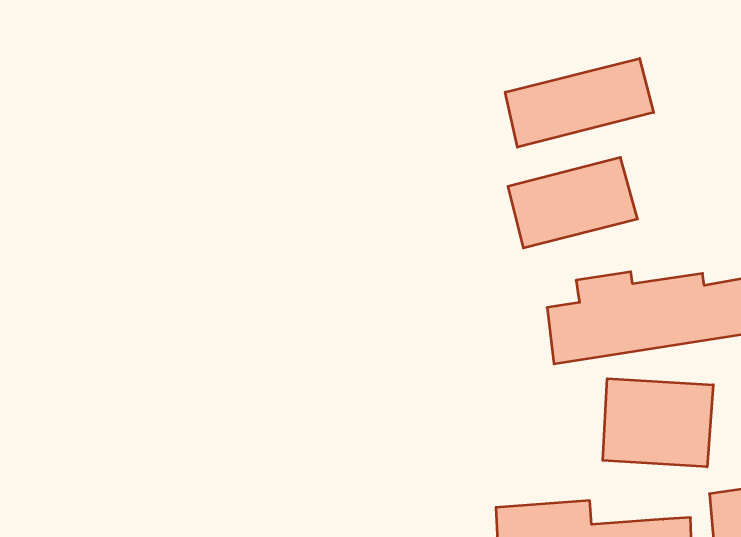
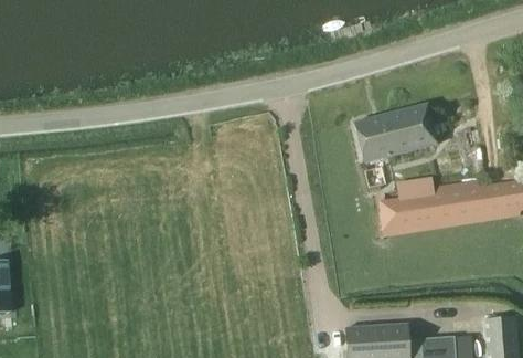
building: [505,58,654,147] -> none
building: [603,379,713,467] -> none

